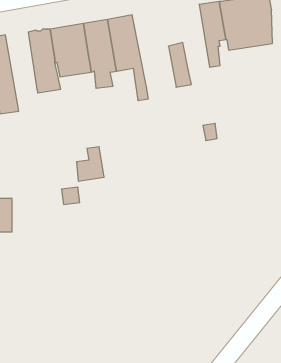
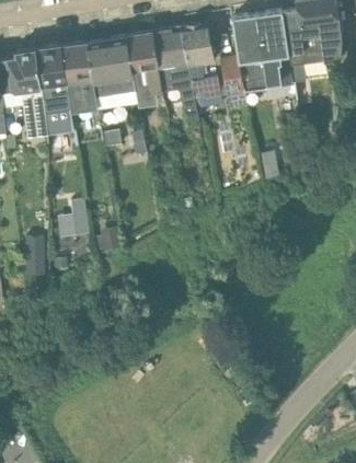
building: none -> [231,15,268,92]
building: none -> [180,23,221,111]
building: none -> [34,44,73,138]
building: [76,147,104,181] -> [58,200,90,240]

